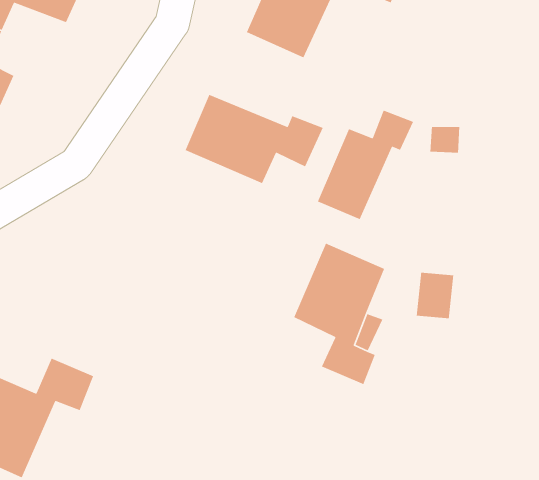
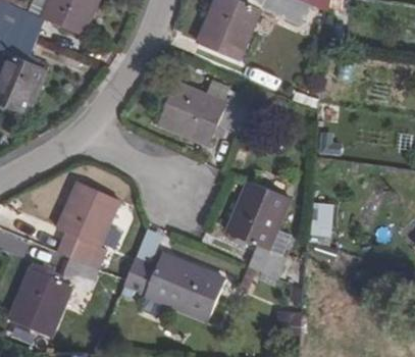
building: [317,109,414,220] -> none
building: none -> [56,184,116,269]
building: none -> [123,251,225,317]

